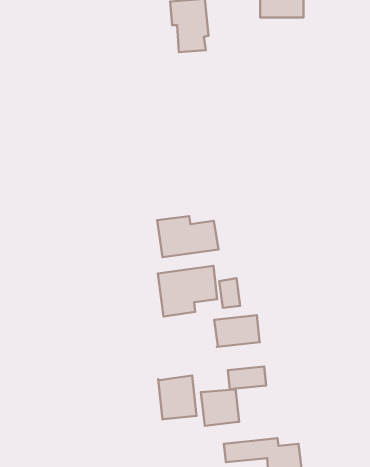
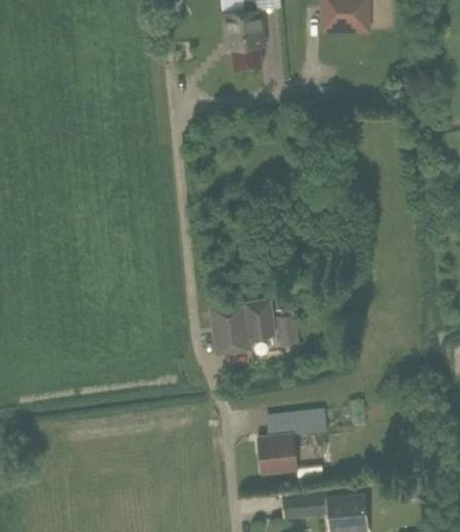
building: [157,216,218,257] -> none
building: [214,315,260,347] -> none
building: [158,375,196,419] -> none

